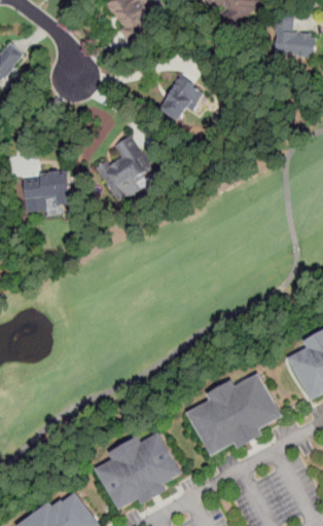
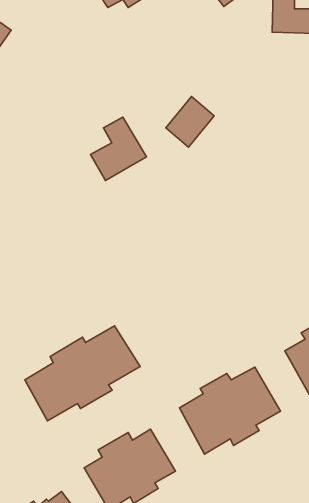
building: [158,74,205,122] -> [166,97,214,147]
building: [21,170,69,211] -> none
building: none -> [25,326,140,421]

